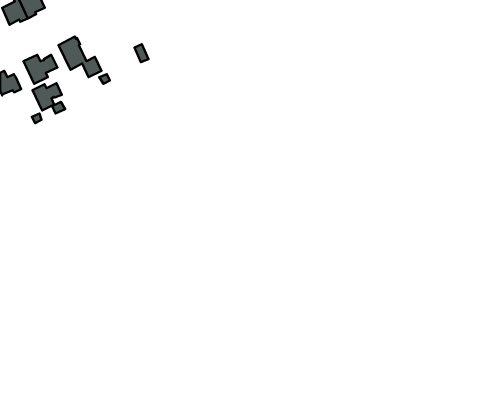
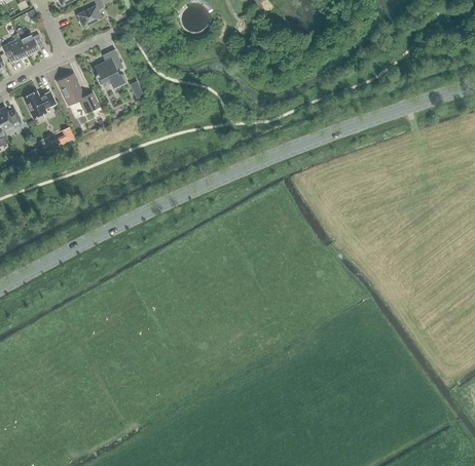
building: none -> [94,48,125,87]
building: [33,83,62,110] -> none

